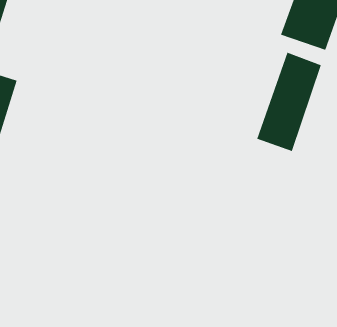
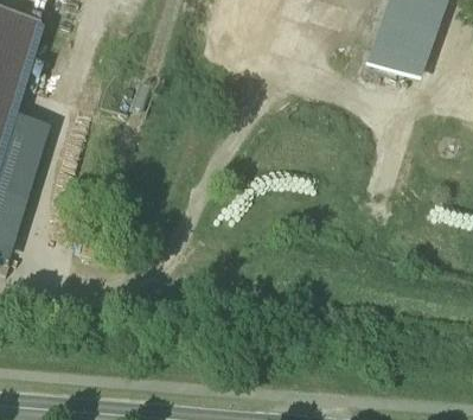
building: [256,52,322,152] -> none

